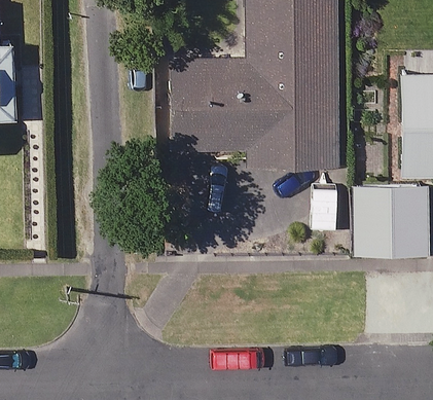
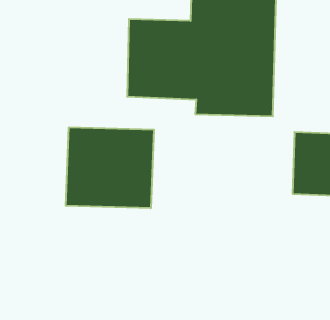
building: none -> [66,127,154,208]

